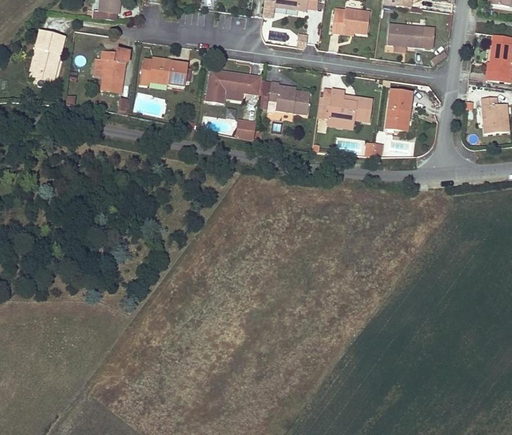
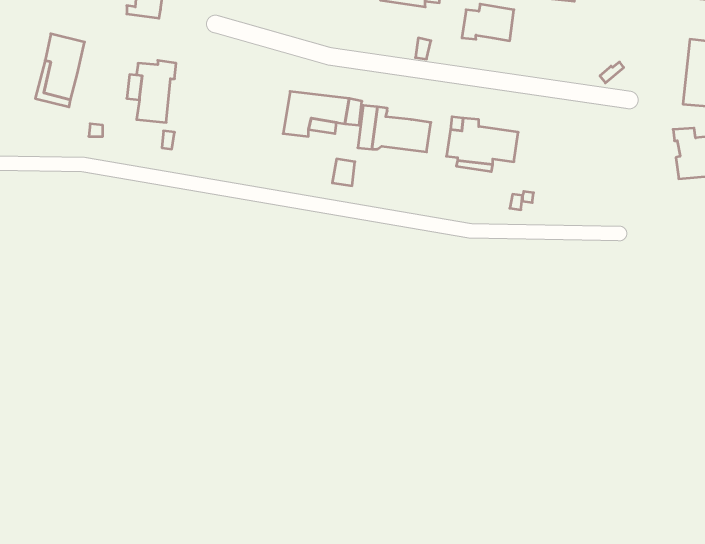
building: [387,23,435,48] -> none
building: [140,56,187,84] -> none
building: [386,89,412,128] -> none

